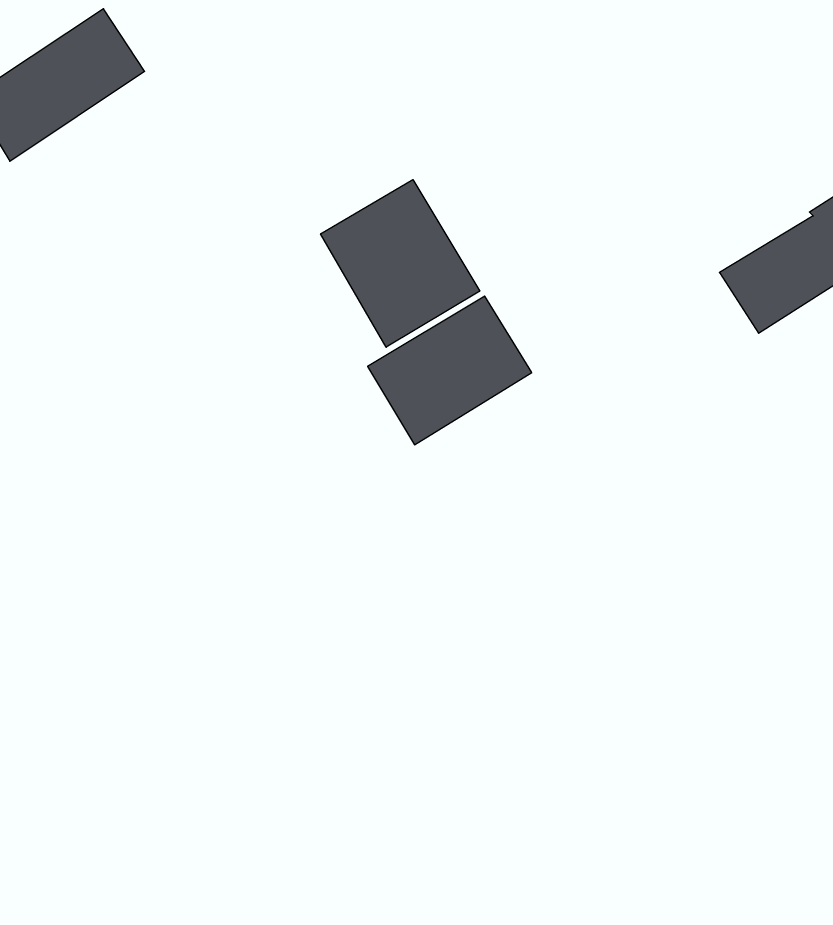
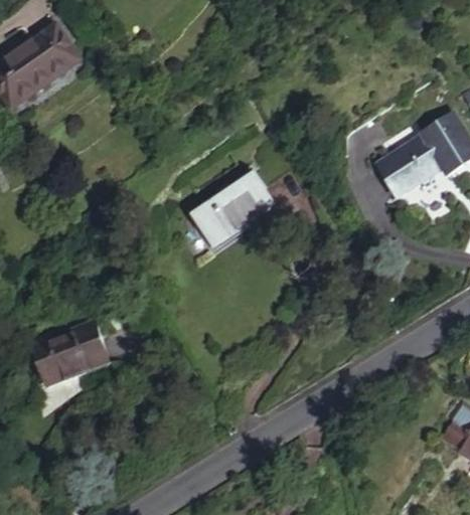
building: [321,180,480,347] -> none
building: none -> [32,324,111,387]

